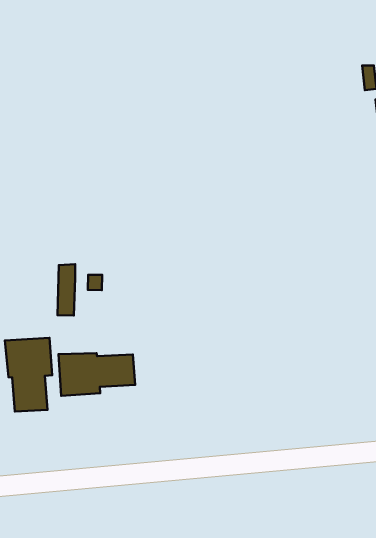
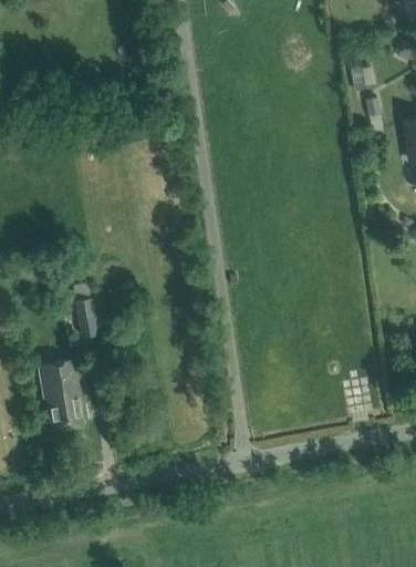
building: [59,353,135,396] -> none

